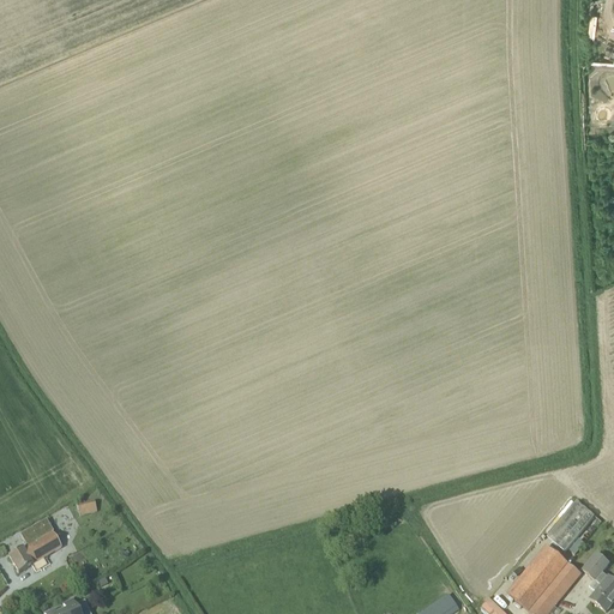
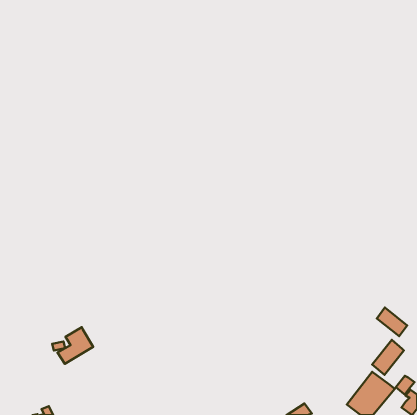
building: none -> [377,308,407,336]
building: [7,518,60,572] -> [57,327,93,364]

